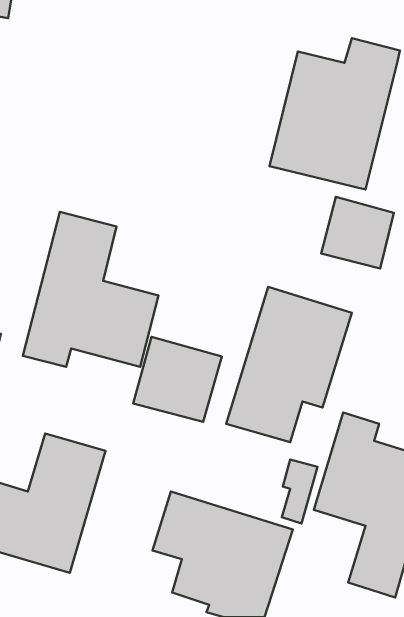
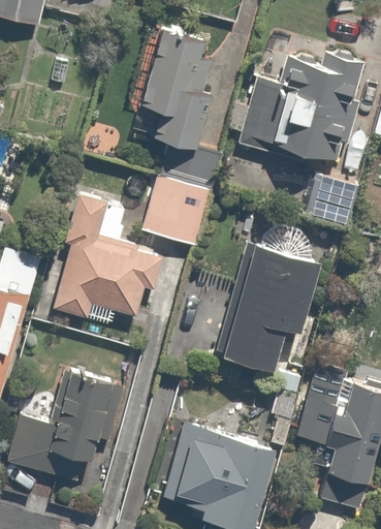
building: none -> [124,21,214,157]
building: [133,337,222,422] -> [137,174,212,245]

